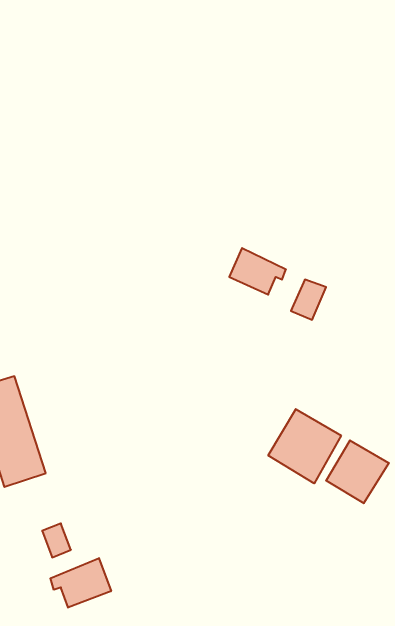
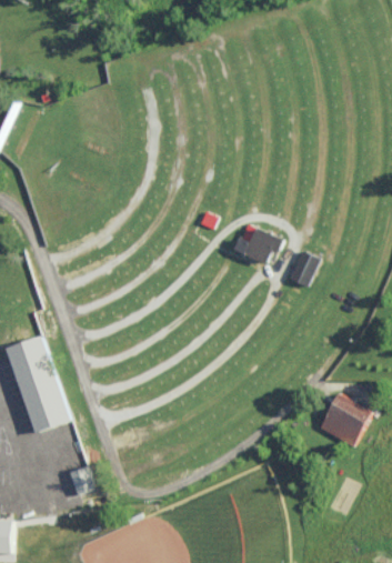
building: [268,409,341,483] -> none
building: [50,558,111,608] -> none

